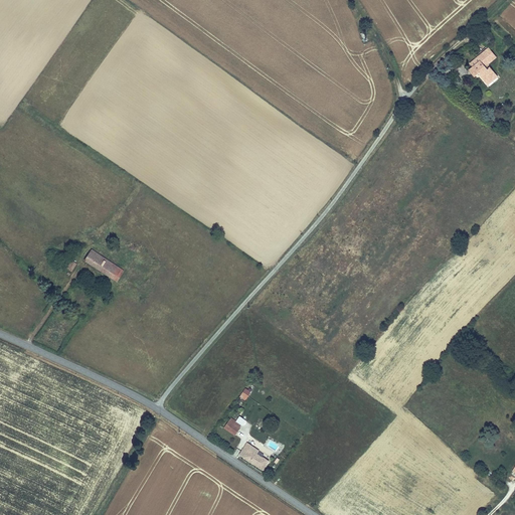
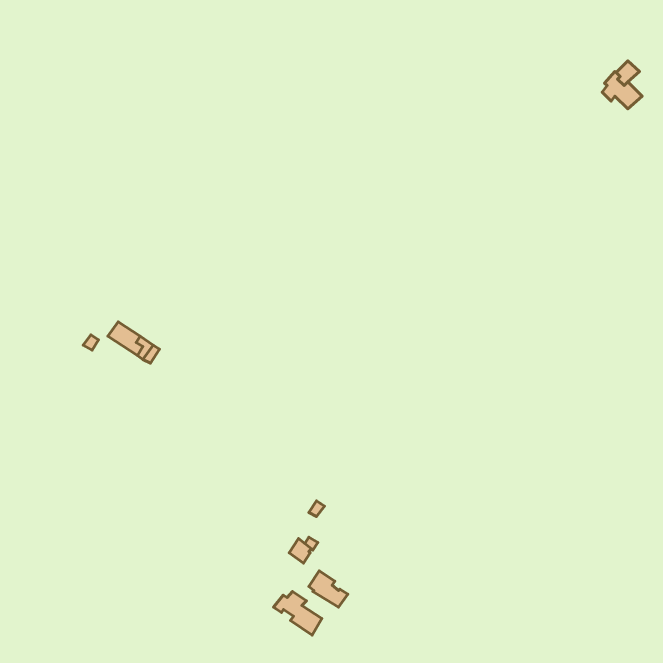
building: none -> [274,591,322,635]

